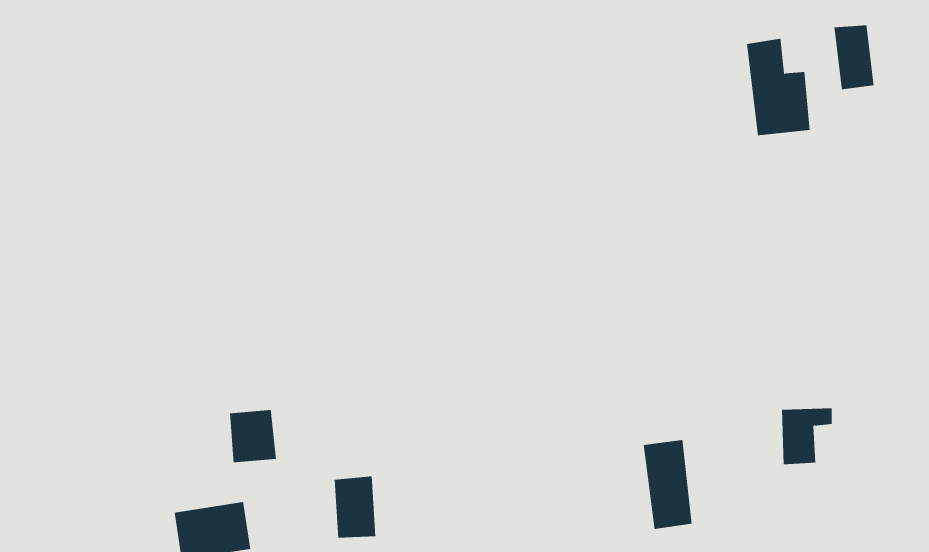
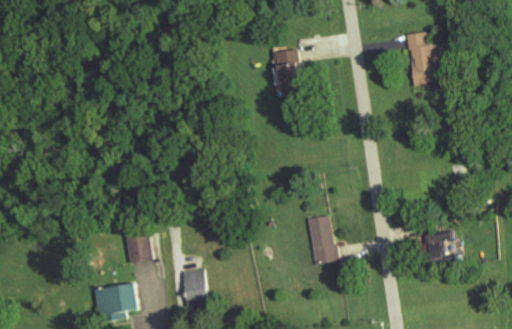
building: [834,24,874,90] -> none
building: none -> [276,49,300,98]
building: [643,439,692,529] -> [308,215,335,264]

